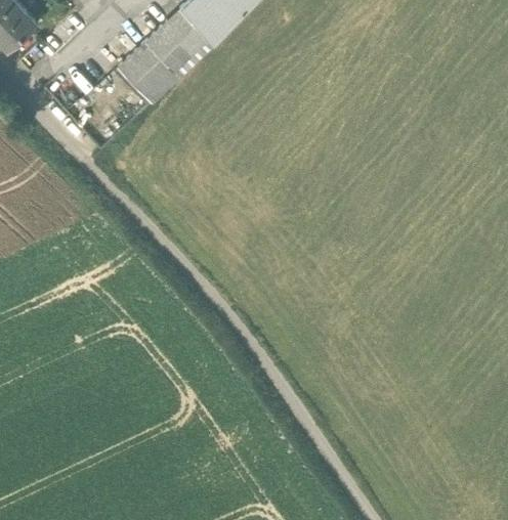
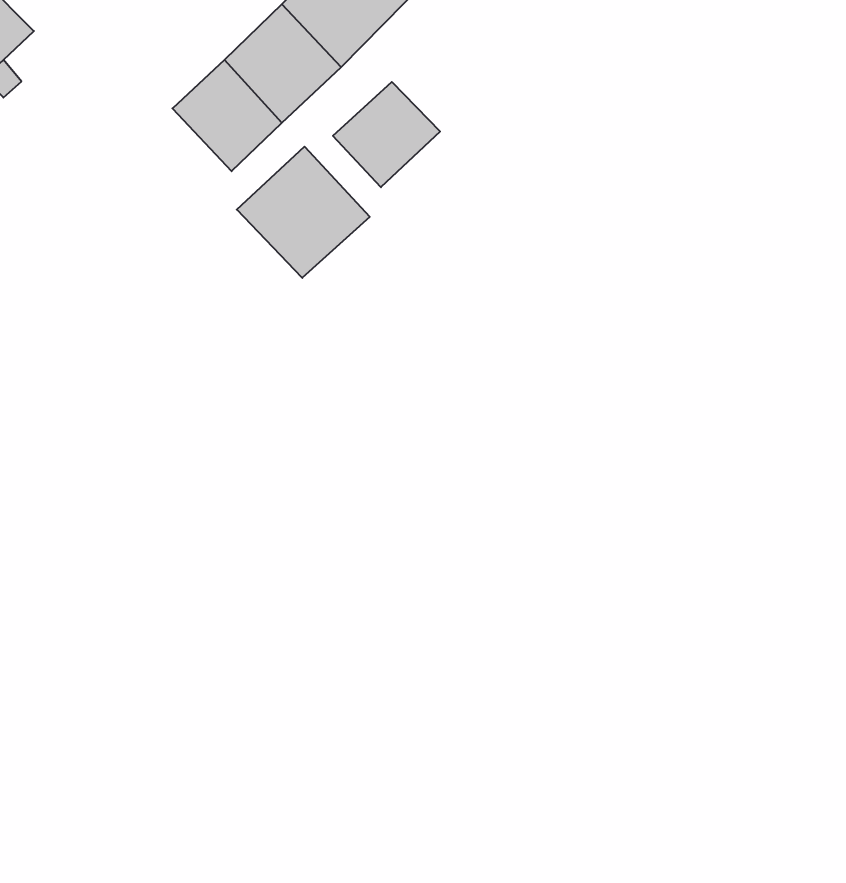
building: none -> [333,82,440,187]
building: none -> [237,147,370,278]

